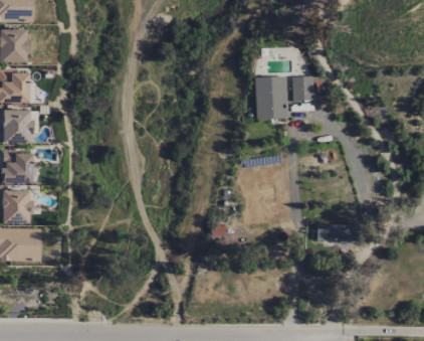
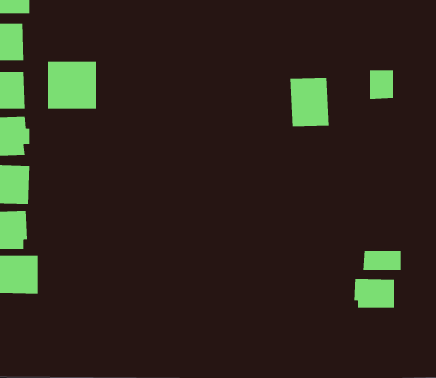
building: none -> [48,61,96,109]
building: [293,76,314,102] -> [369,70,394,99]
building: none -> [354,278,395,308]

